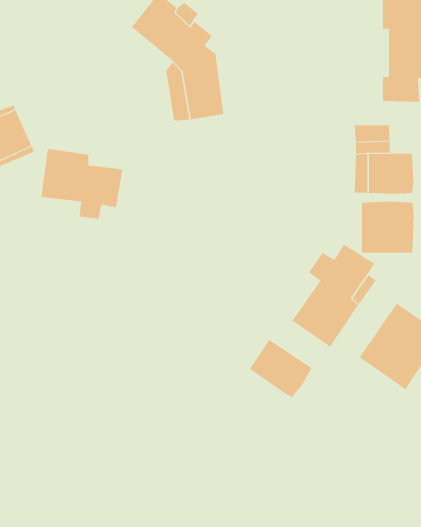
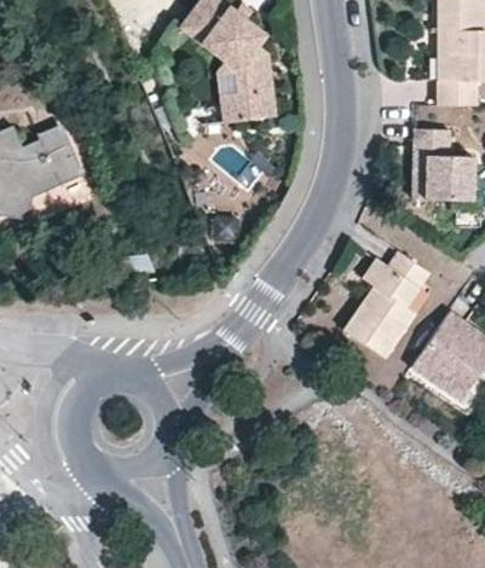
building: [41,148,123,219] -> none
building: [361,201,414,253] -> none
building: [249,339,312,398] -> none

